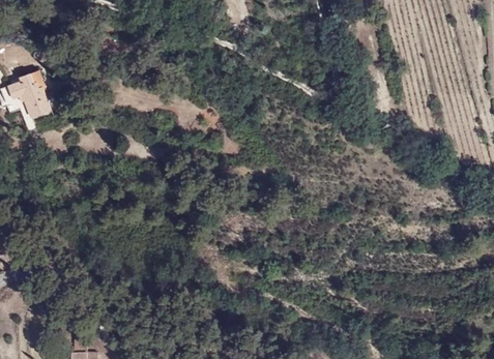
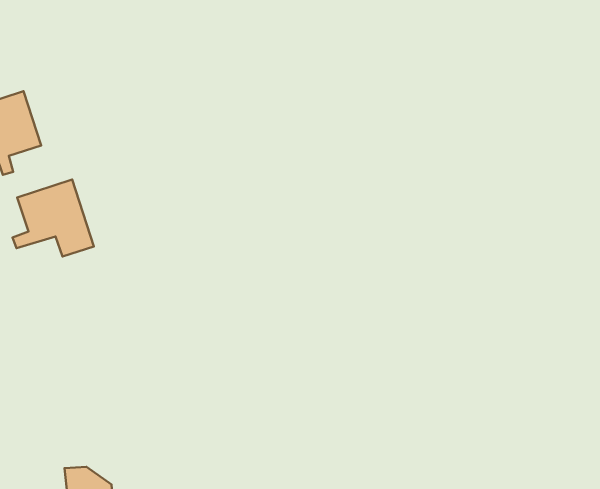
building: none -> [13,180,94,256]

